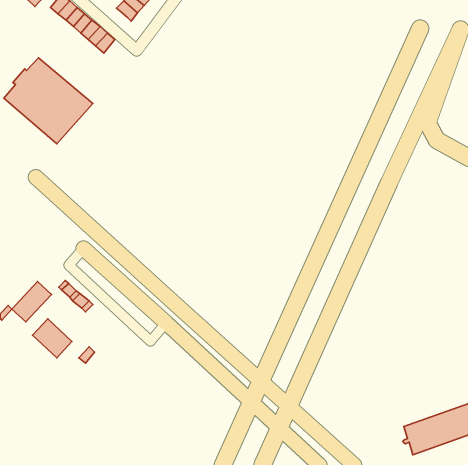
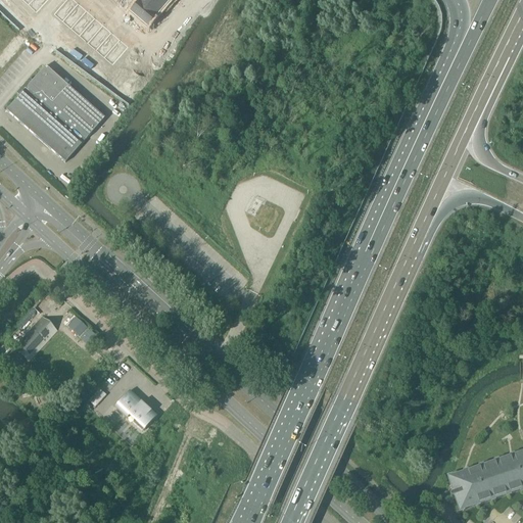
building: [33,319,72,358] -> none
building: none -> [114,388,156,429]

